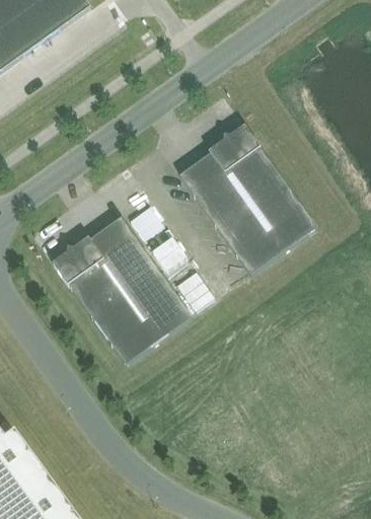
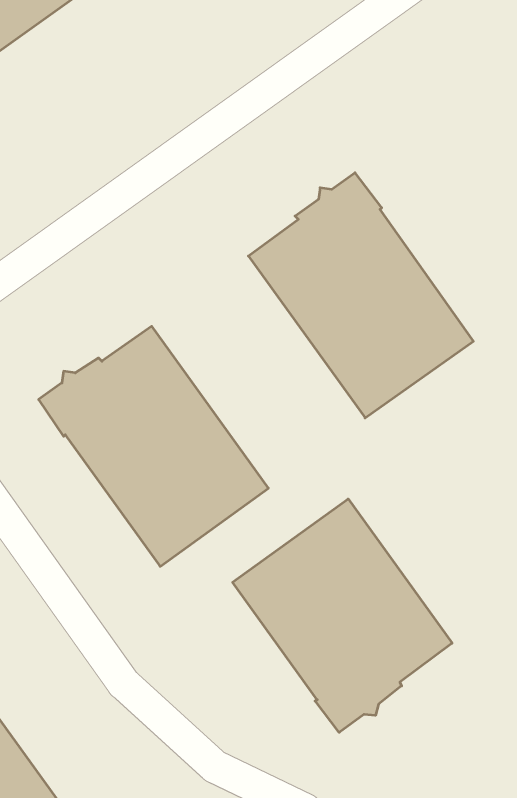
building: none -> [233,499,452,732]

